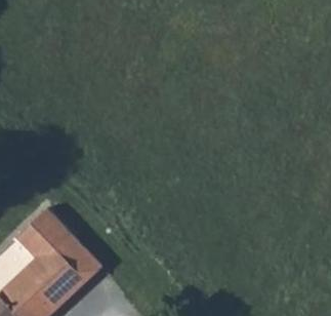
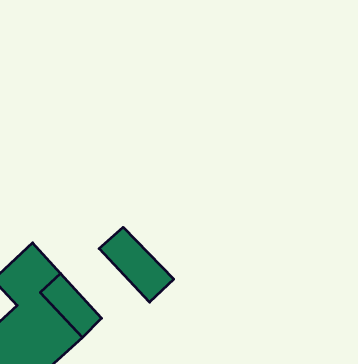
building: none -> [99,227,174,302]

